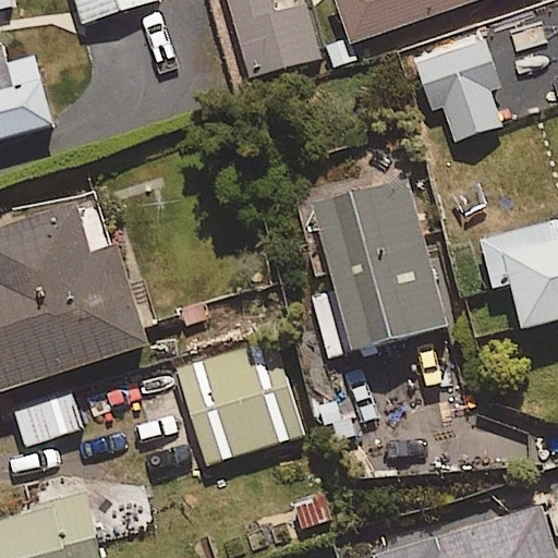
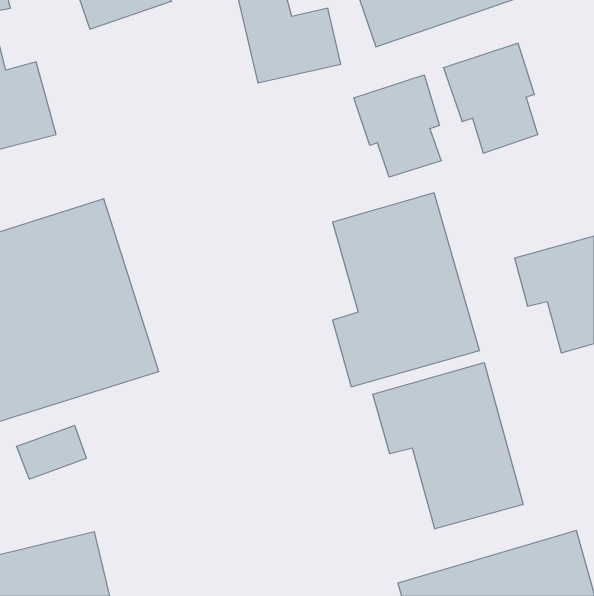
building: none -> [354,75,441,177]
building: none -> [373,363,523,529]
building: [175,339,302,464] -> none

